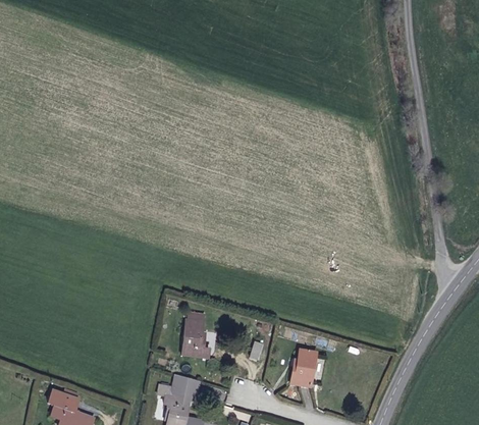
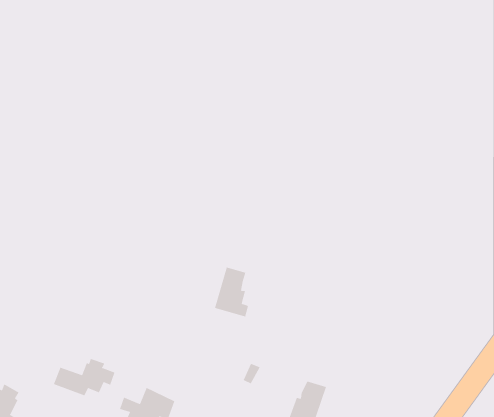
building: [182,320,209,357] -> [214,267,249,317]
building: none -> [53,358,115,396]

